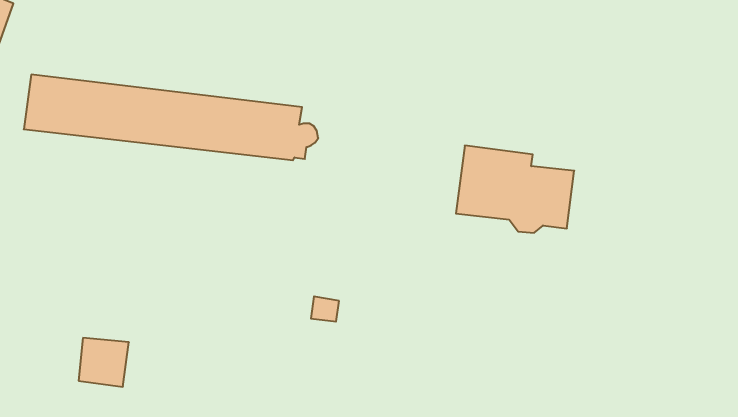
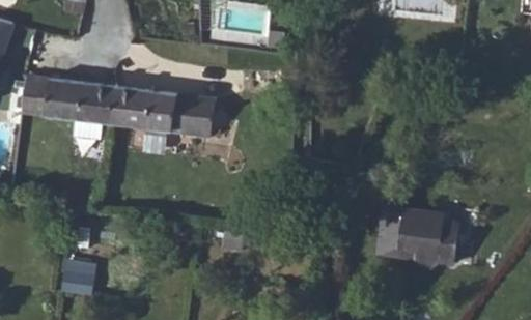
building: [456,146,574,233] -> [376,205,459,266]

